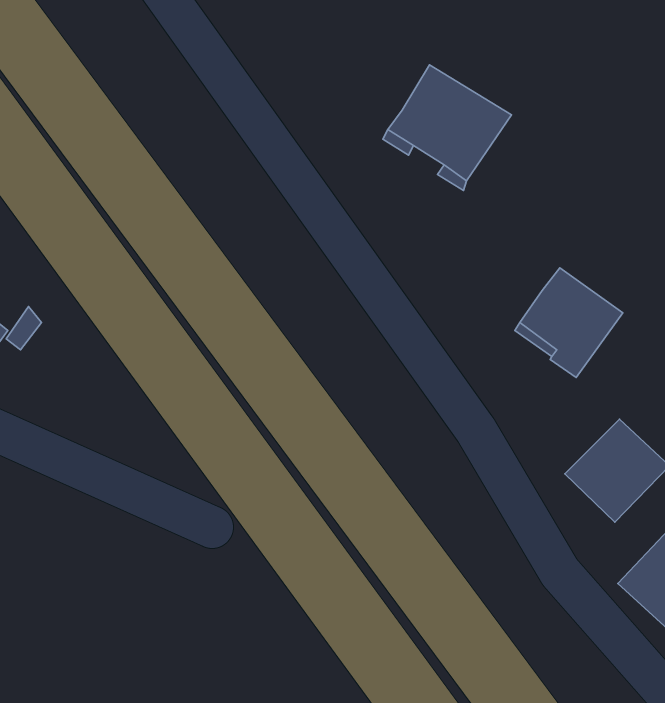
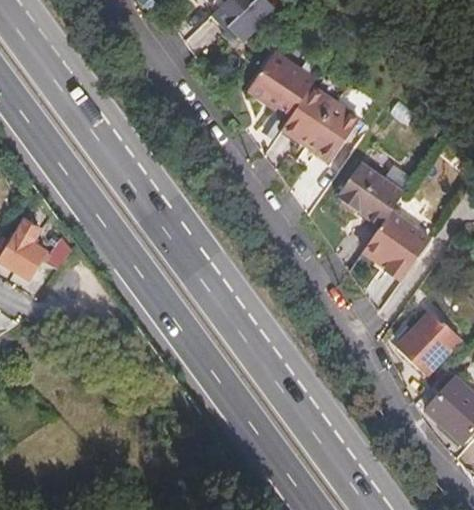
building: none -> [247,51,317,115]
building: none -> [334,163,404,227]

